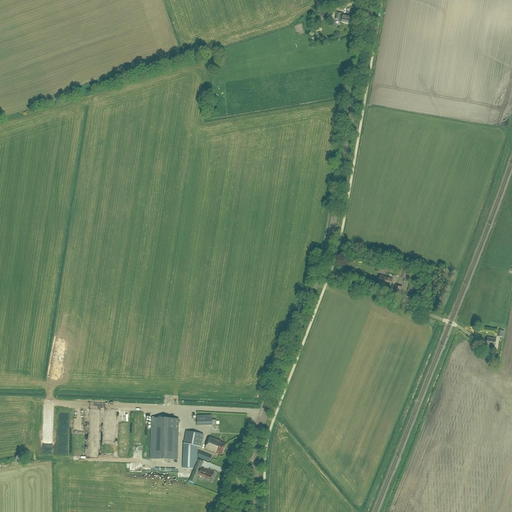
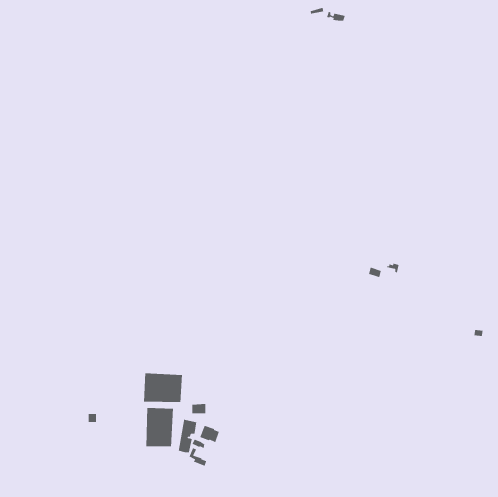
building: none -> [143,373,183,403]

